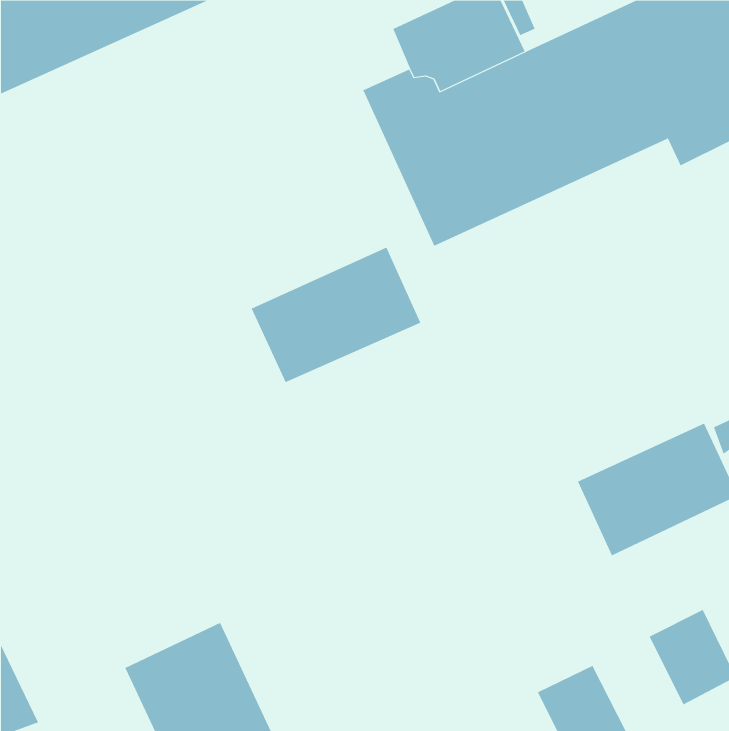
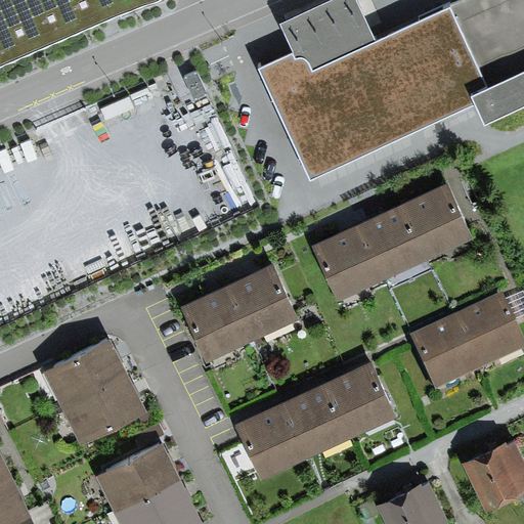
building: [251,247,421,383] -> [178,263,300,360]
building: none -> [312,182,470,299]
building: none -> [44,348,142,446]
building: none -> [233,358,397,480]

